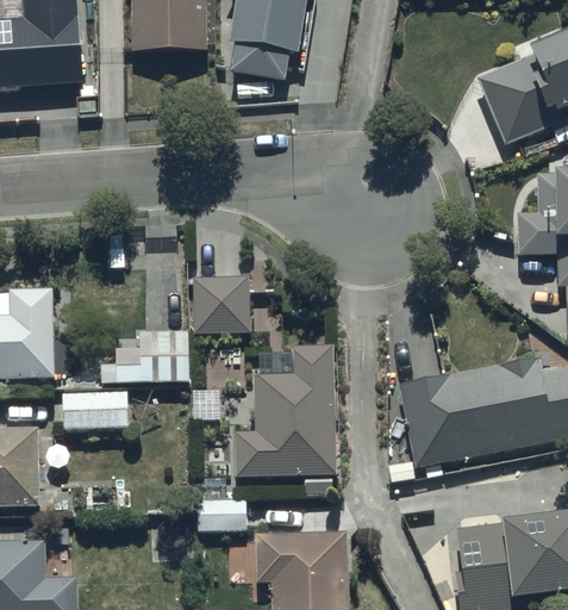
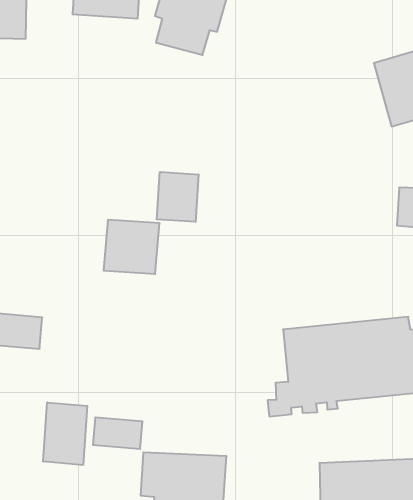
building: none -> [157,172,199,222]
building: [87,331,191,384] -> none
building: [235,344,333,494] -> none
building: none -> [43,402,87,465]

